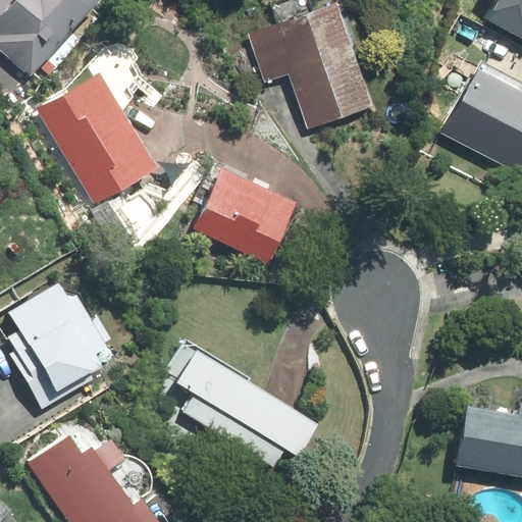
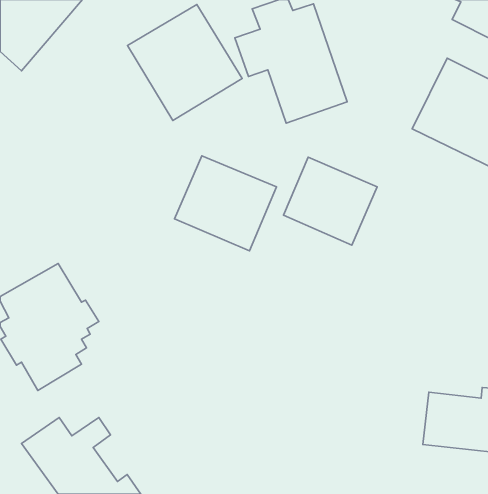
building: none -> [127,5,242,121]
building: [42,79,154,202] -> none
building: none -> [284,157,377,245]
building: [153,340,314,468] -> none

